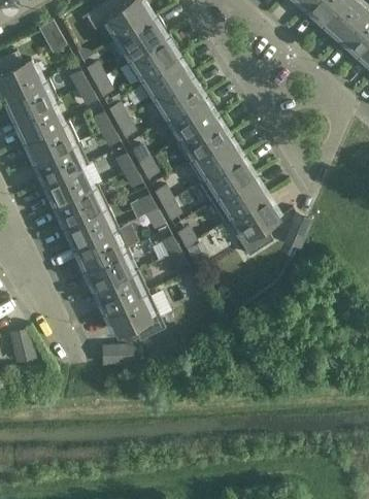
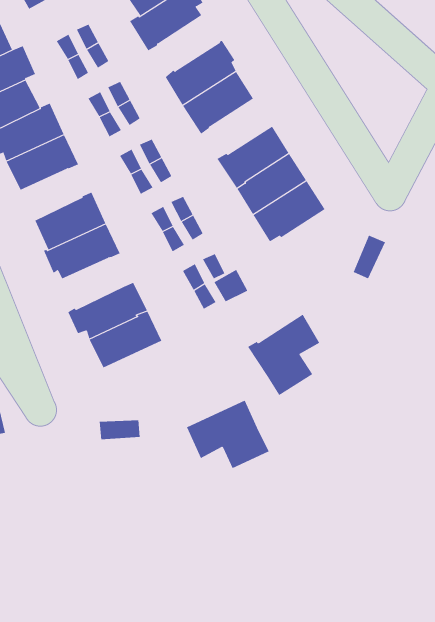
building: [144,58,189,98] -> none
building: [175,118,227,161] -> none
building: [45,168,90,205] -> none
building: [225,197,277,256] -> [247,314,320,396]
building: [75,229,127,269] -> none
building: [105,292,165,341] -> [186,400,269,469]

